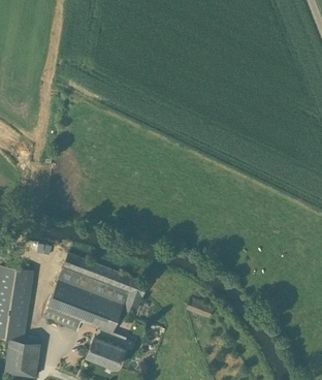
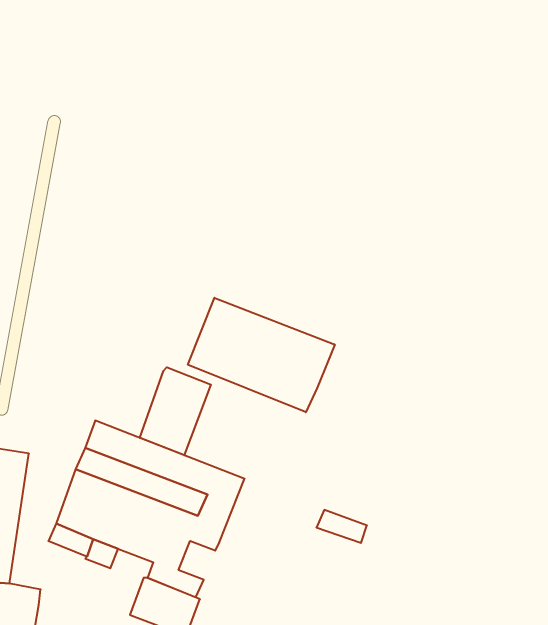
building: none -> [188,298,335,412]
building: none -> [140,367,211,455]

